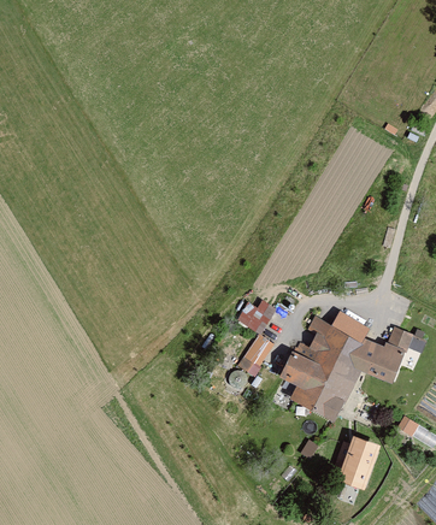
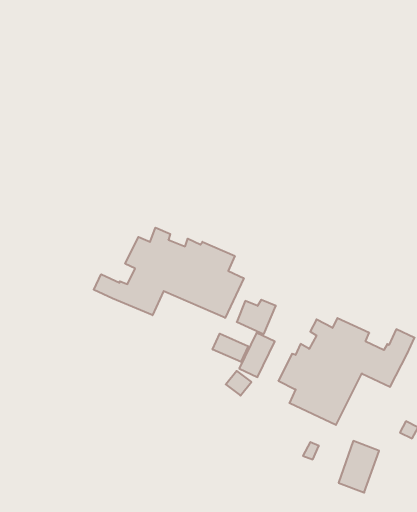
building: none -> [94,228,244,318]
building: none -> [213,334,248,362]

